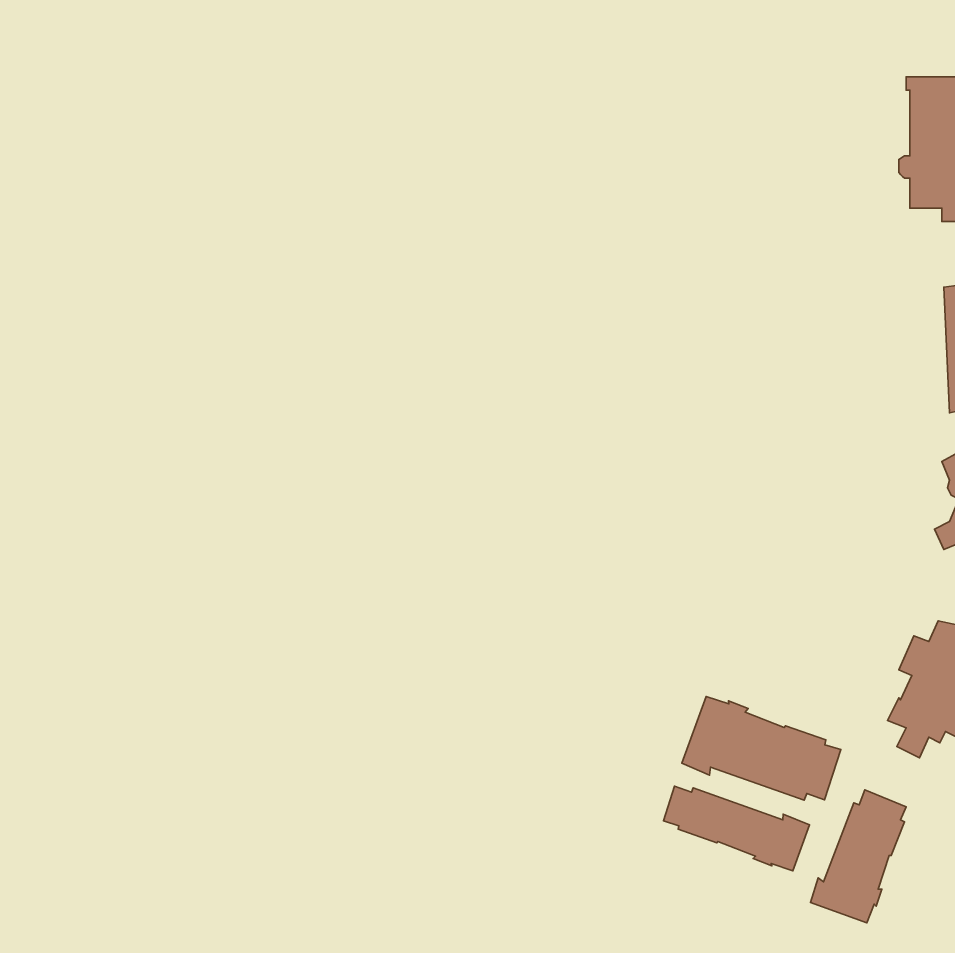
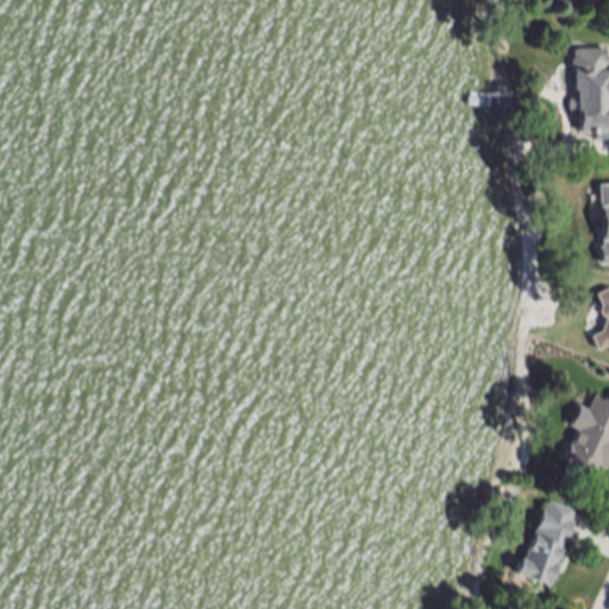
building: [682,696,841,800] -> none
building: [664,786,810,871] -> none

